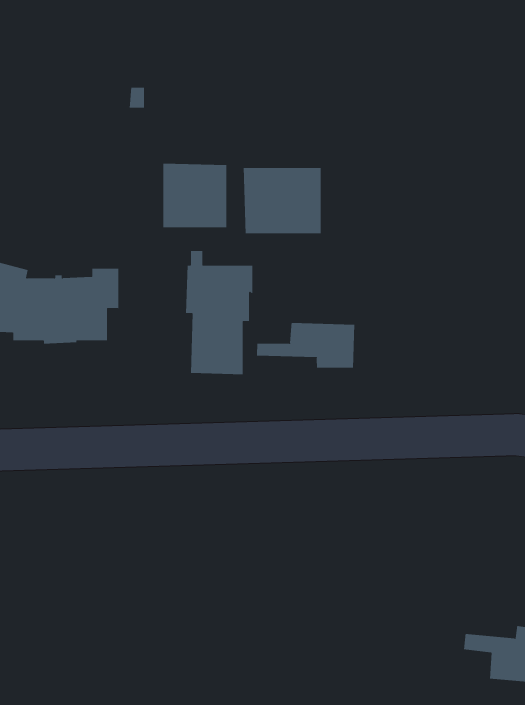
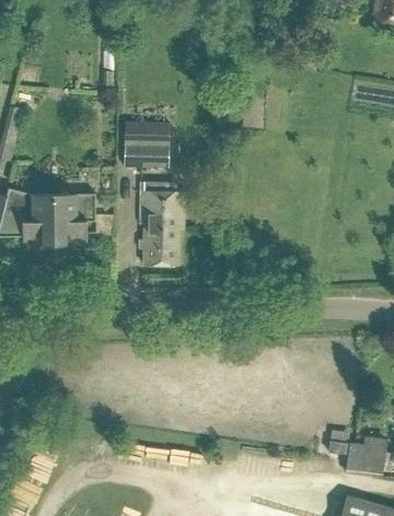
building: [243,167,321,234] -> none
building: [257,322,355,368] -> none

